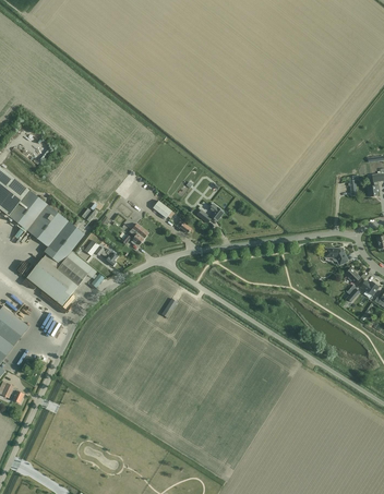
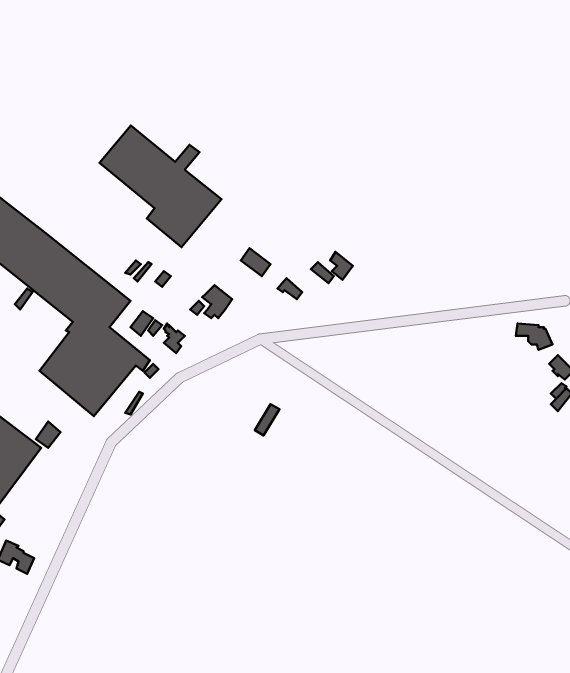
building: none -> [100,125,222,247]

